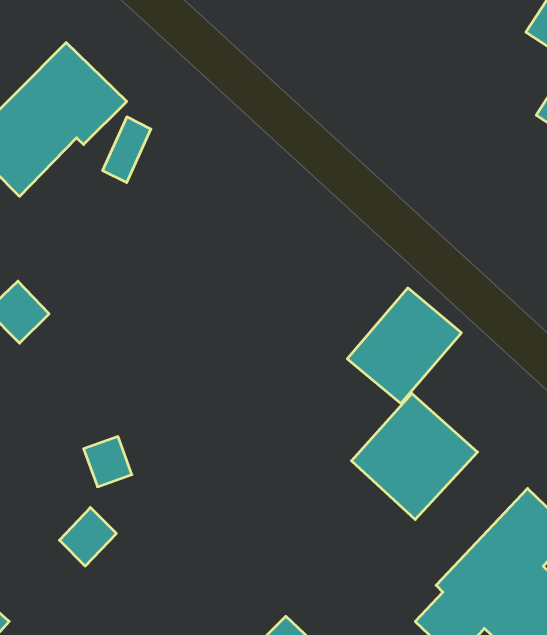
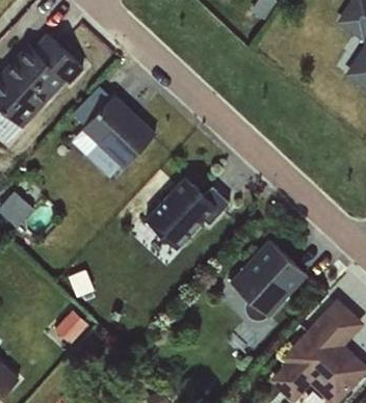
building: none -> [83,95,161,171]
building: [347,288,461,404] -> [141,180,210,249]

